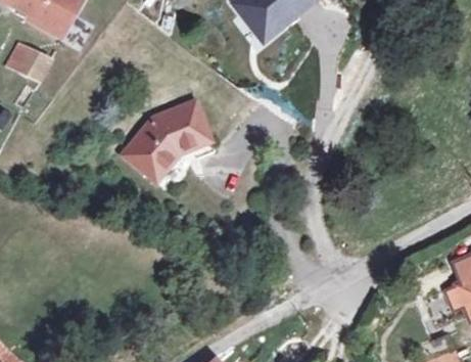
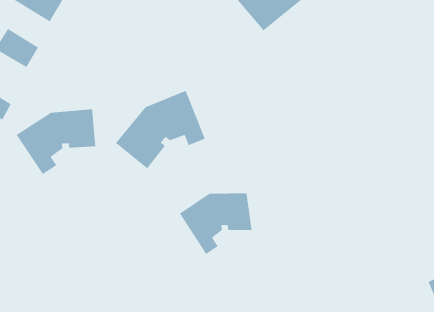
building: none -> [16,108,96,175]
building: none -> [179,192,252,255]

